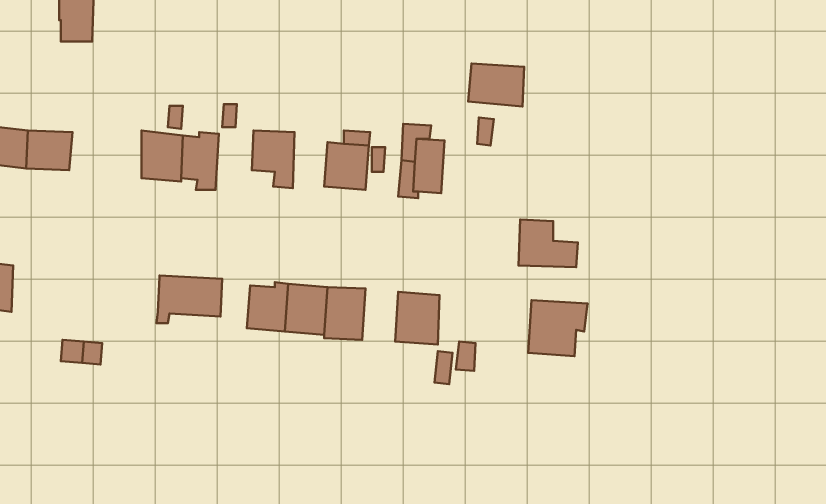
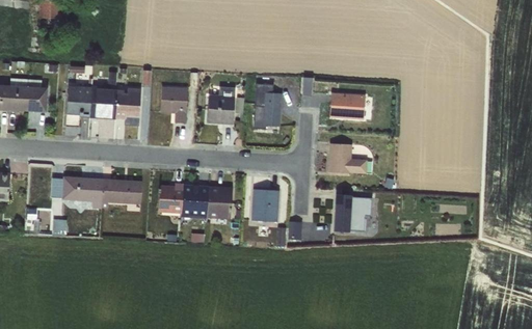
building: [468,64,524,106] -> [329,93,365,120]
building: none -> [66,86,90,117]
building: none -> [62,177,102,201]

